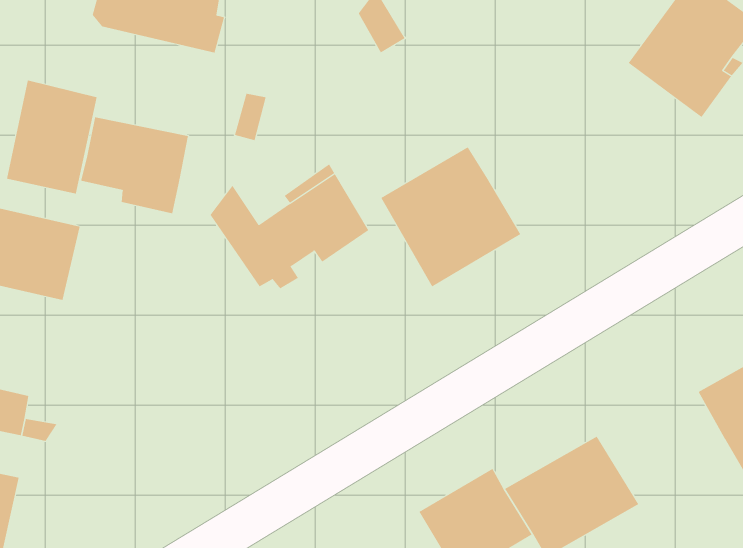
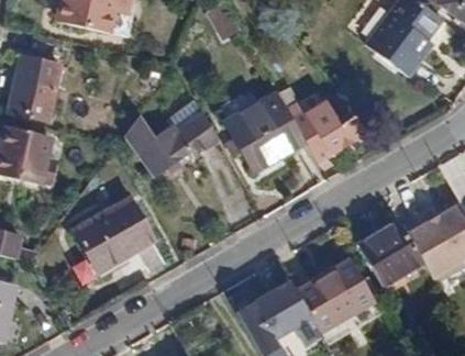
building: [81,117,189,214] -> none
building: none -> [287,101,365,163]
building: none -> [74,198,154,272]
building: none -> [361,220,424,285]

